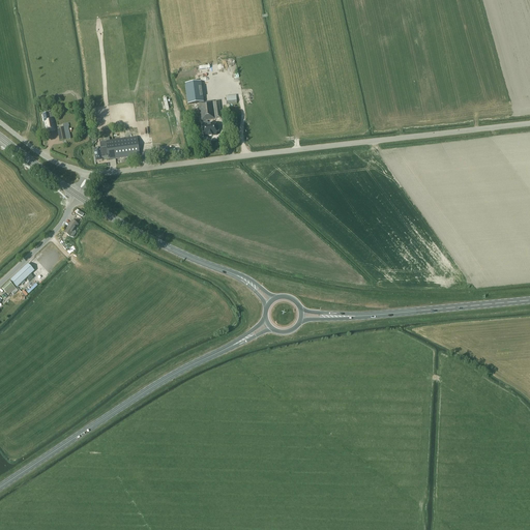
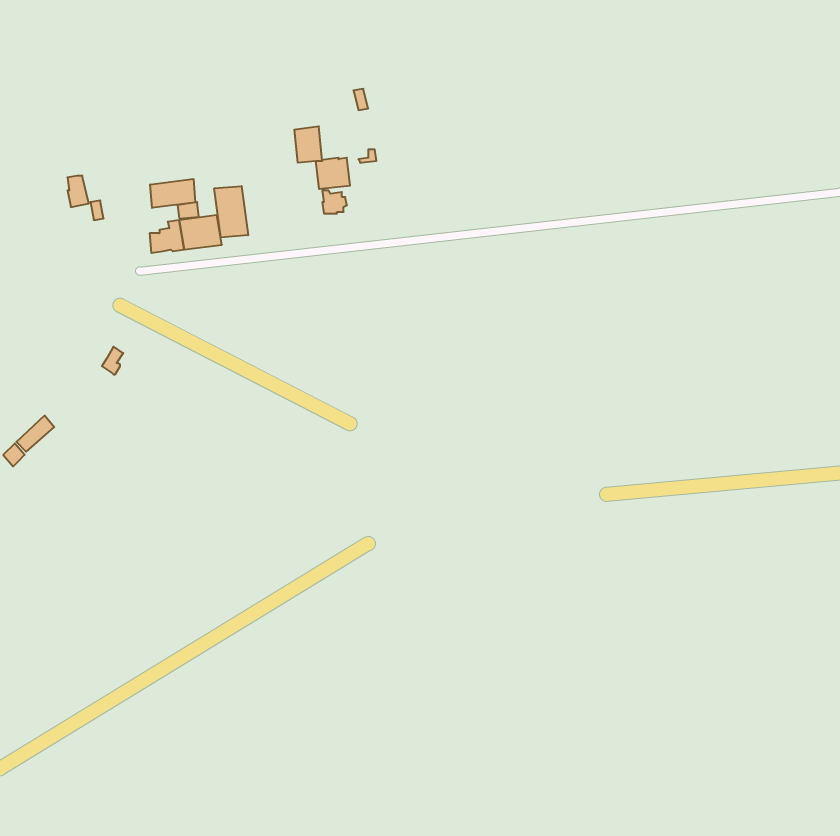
building: none -> [150,179,195,208]
building: none -> [214,186,248,237]

